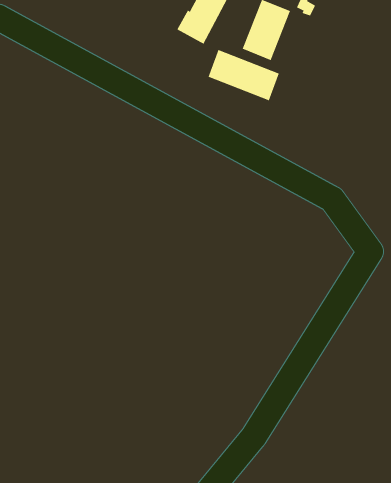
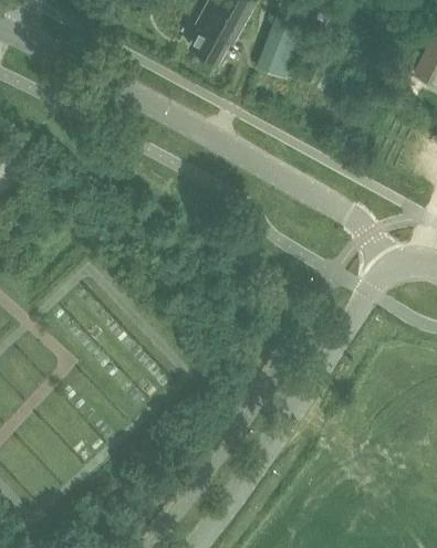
building: [208,49,280,101] -> none

